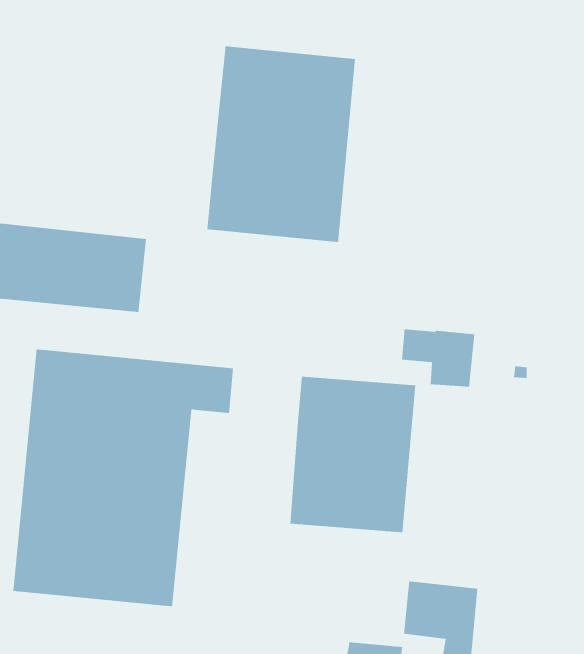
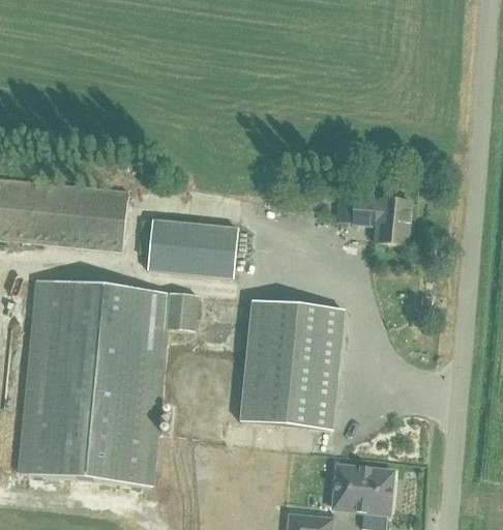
building: [207,46,355,243] -> none
building: none -> [138,218,238,277]
building: [401,329,475,387] -> [352,198,411,244]

